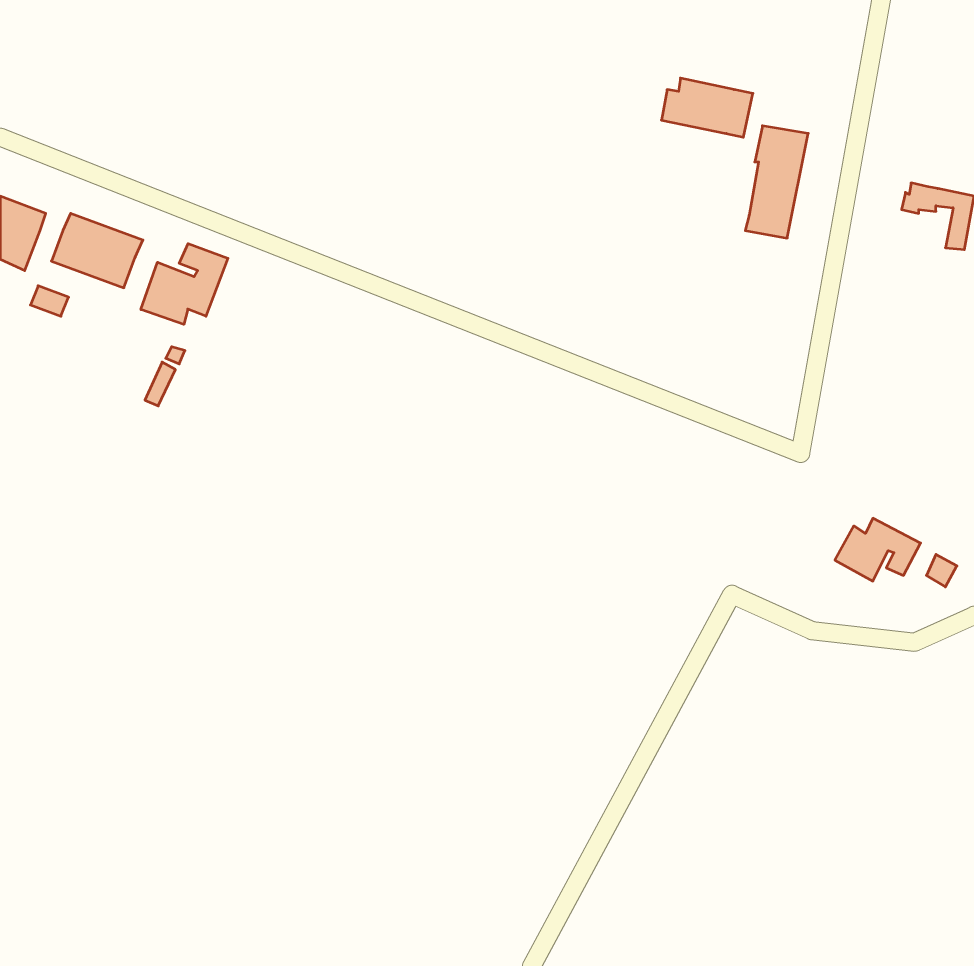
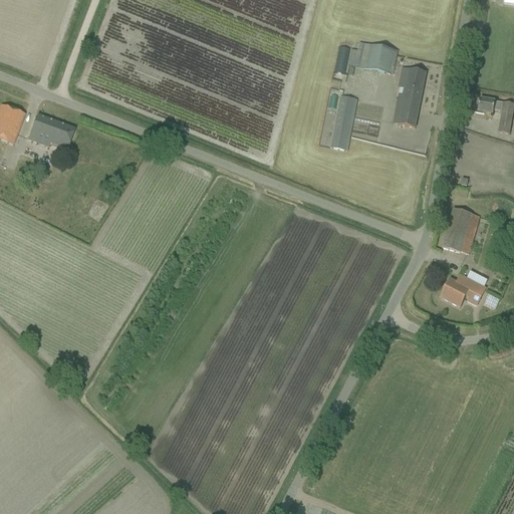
building: none -> [330,94,356,149]
building: [141,244,228,324] -> none
building: none -> [442,208,479,253]

